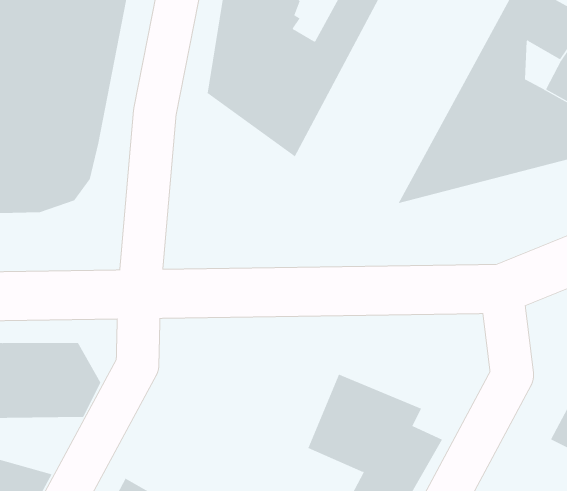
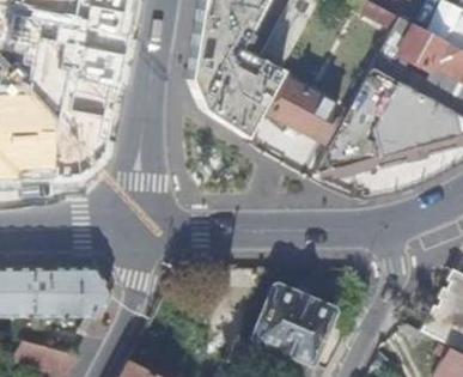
building: none -> [268,78,339,140]

